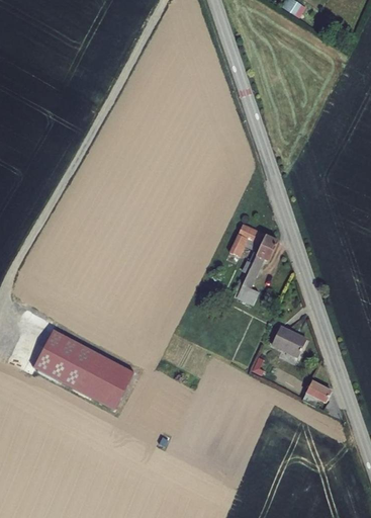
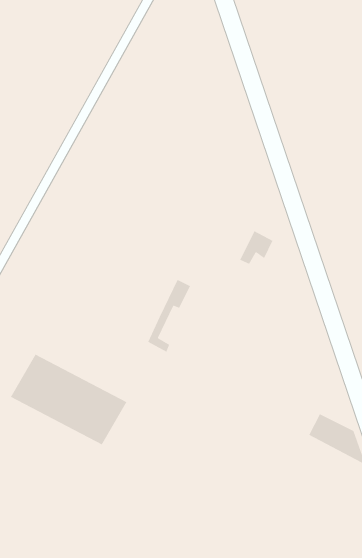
building: [242,231,280,295] -> [147,279,191,353]
building: [270,329,305,360] -> none

